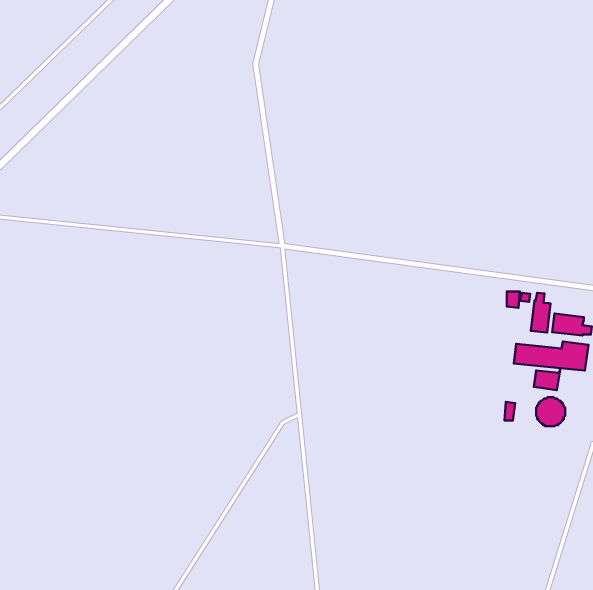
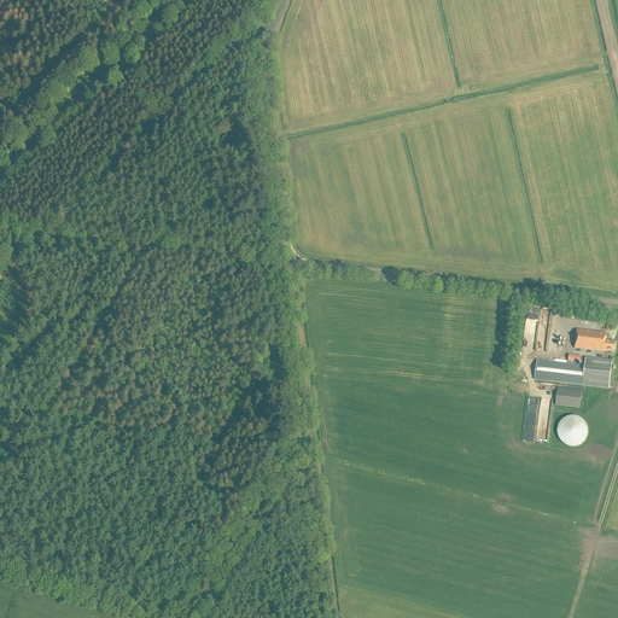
building: [531,293,551,333] -> none

